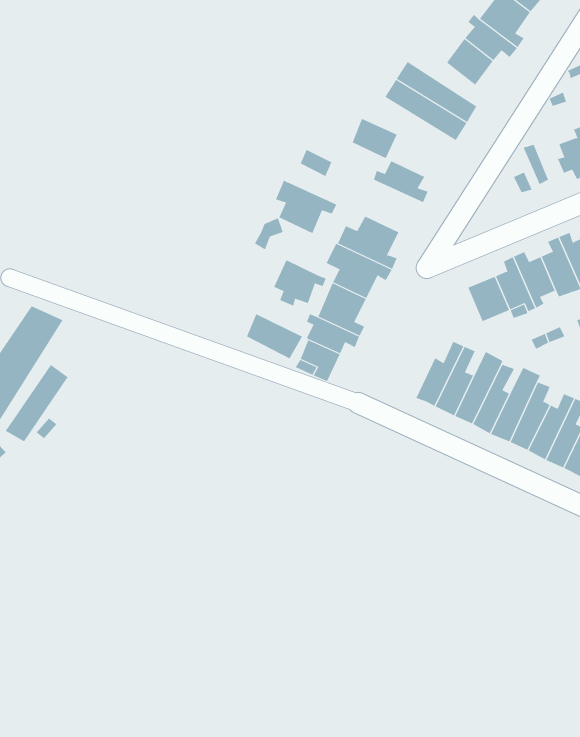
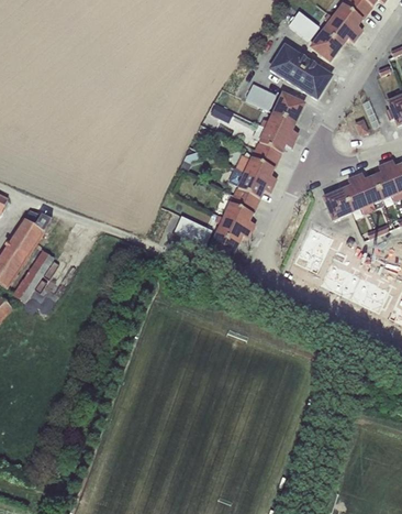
building: none -> [288,11,320,41]
building: none -> [272,92,304,122]
building: [275,180,337,234] -> [253,123,294,160]
building: [274,260,327,307] -> none

